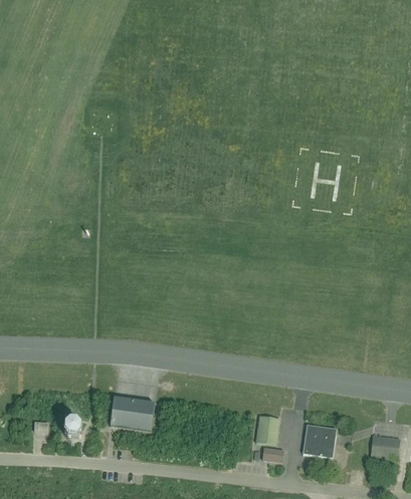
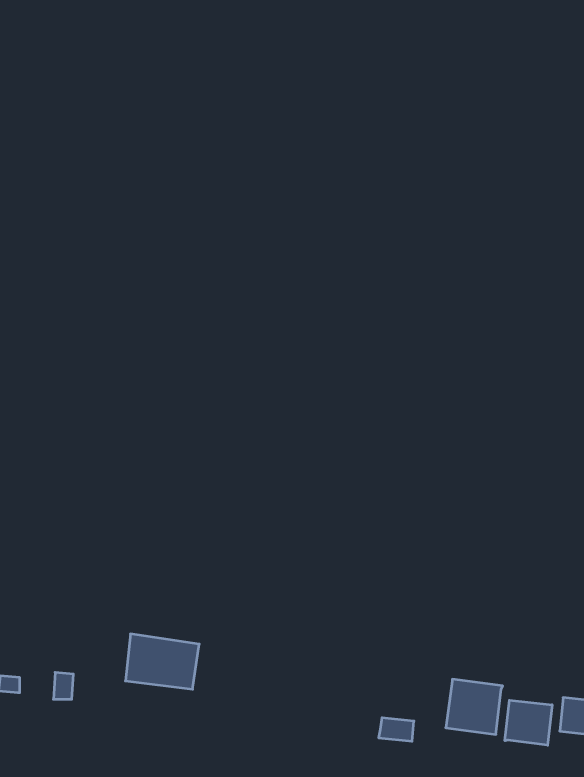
building: [256,415,279,444] -> none
building: none -> [505,700,552,745]

